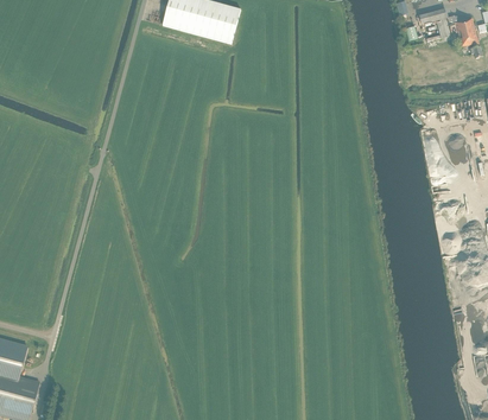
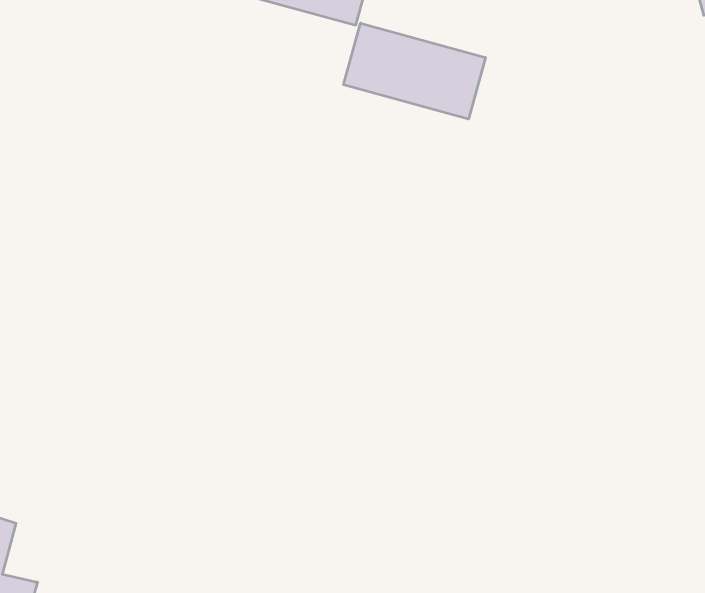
building: none -> [344,23,485,119]

